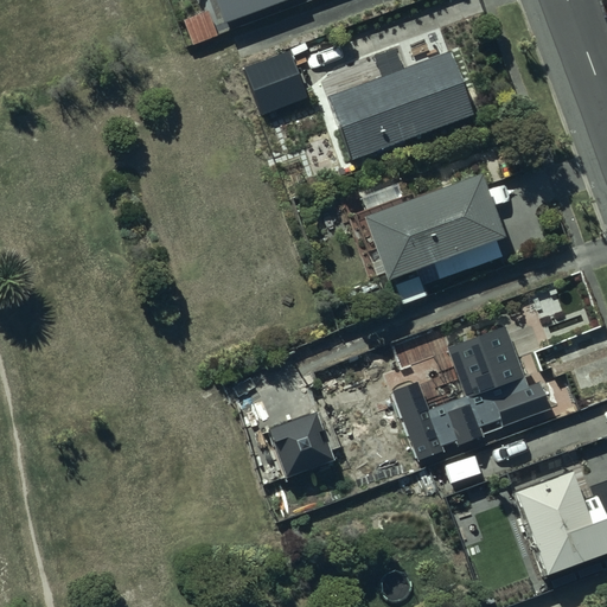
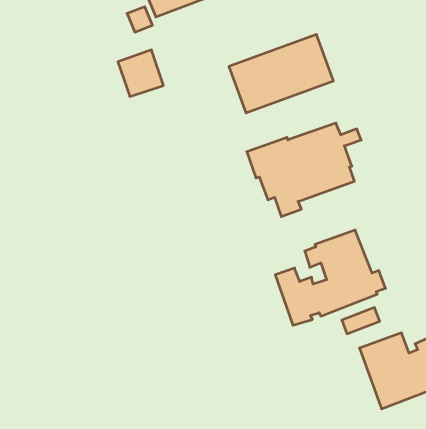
building: [245,50,309,115] -> [118,50,163,96]
building: [267,407,343,478] -> none

